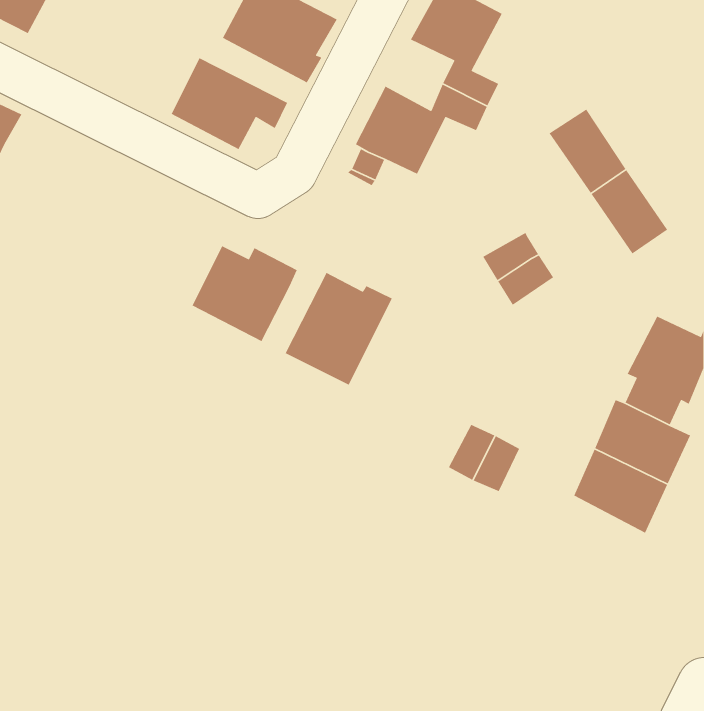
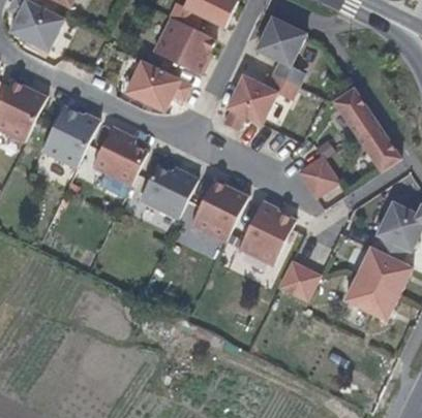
building: none -> [40,104,98,166]
building: none -> [91,125,147,183]
building: none -> [238,199,295,264]

